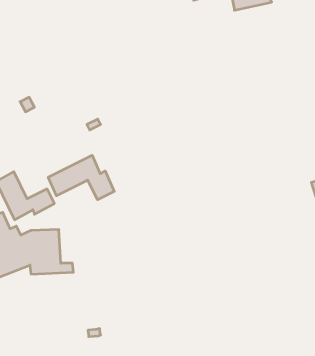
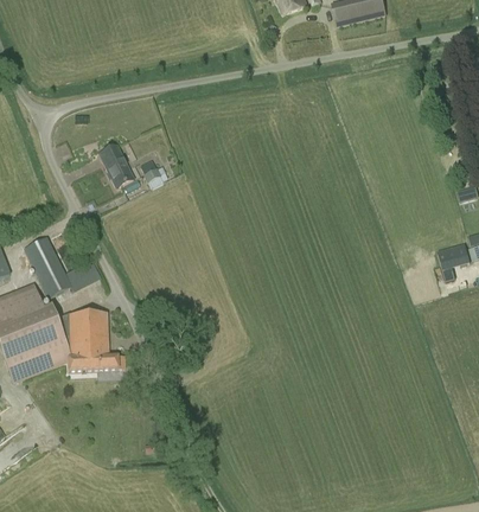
building: none -> [98,146,133,187]
building: [48,155,114,200] -> none

